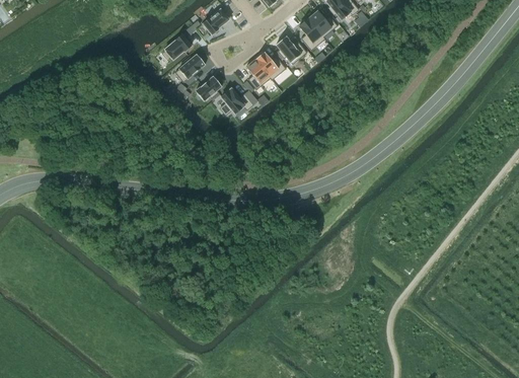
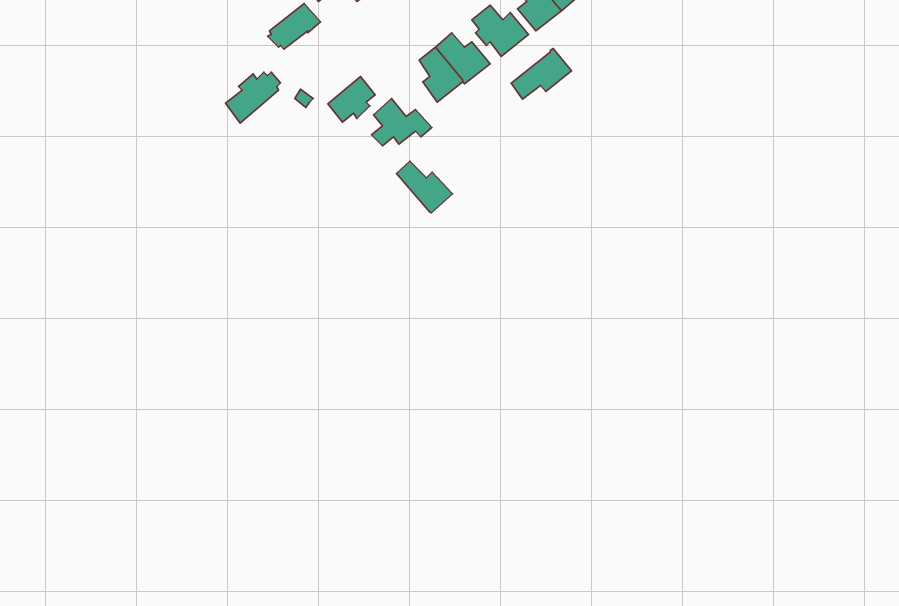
building: [175,54,206,82] -> [226,72,280,123]
building: none -> [511,49,572,99]
building: none -> [396,161,453,213]

